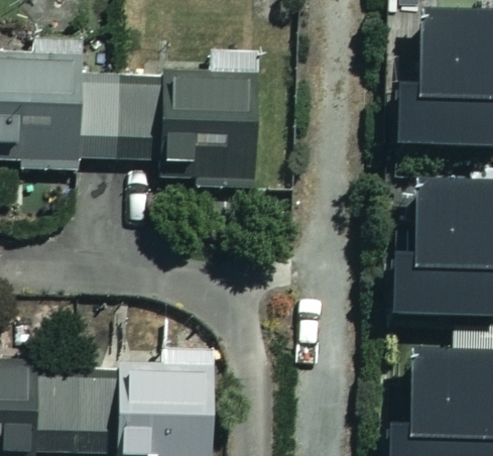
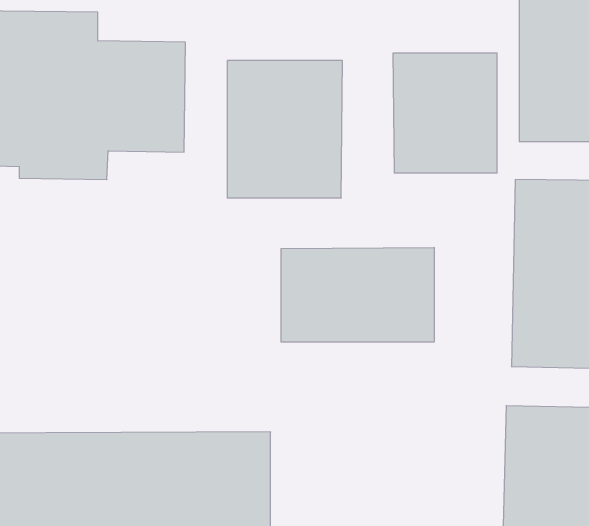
building: none -> [393,53,497,173]
building: none -> [281,247,434,342]

